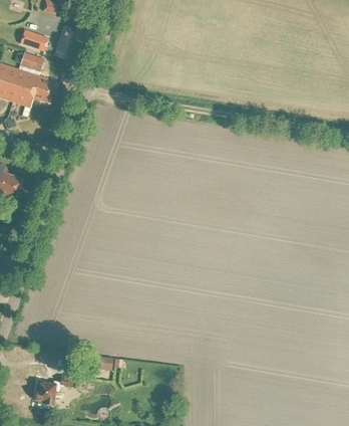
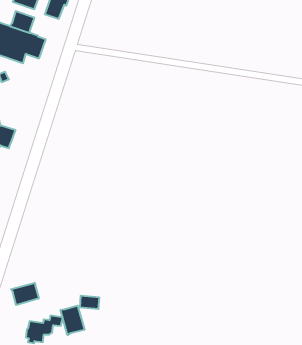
building: none -> [11,283,39,305]
building: none -> [61,306,85,335]

